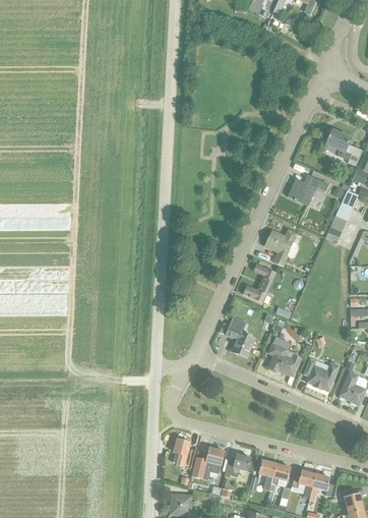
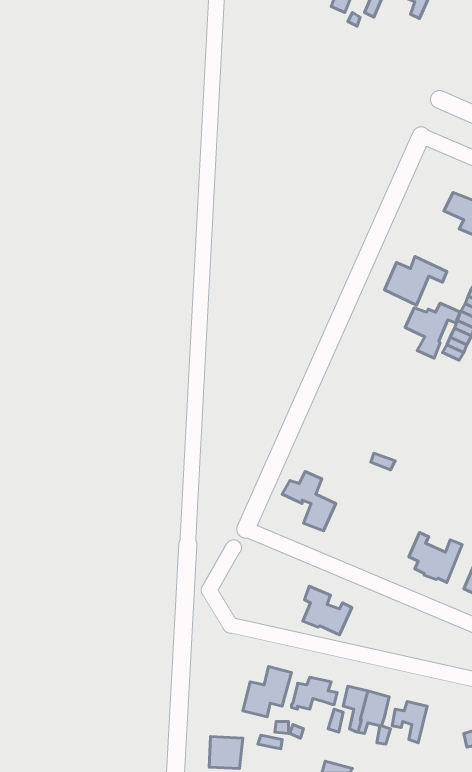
building: [263,228,300,265] -> [405,303,460,358]
building: [242,263,274,301] -> none
building: [267,342,300,375] -> [303,586,352,635]
building: [173,438,194,466] -> none
building: [308,472,333,500] -> none

